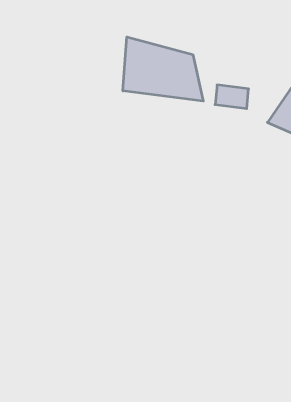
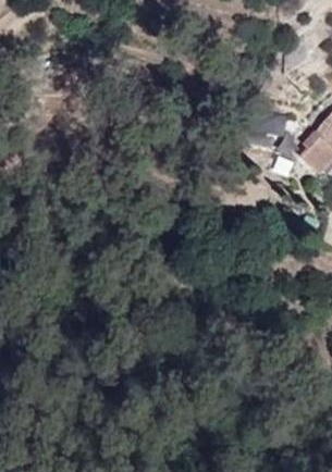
building: [123,37,203,101] -> none

